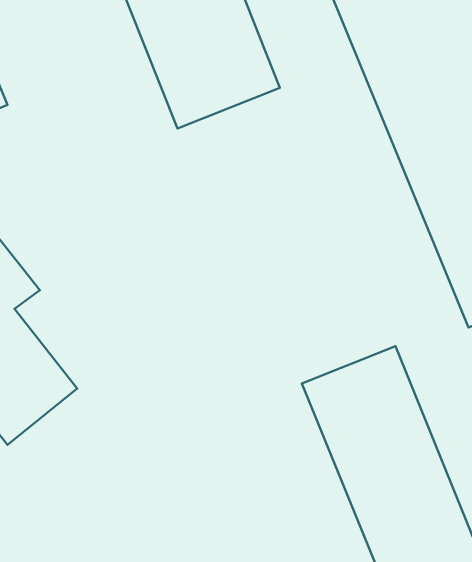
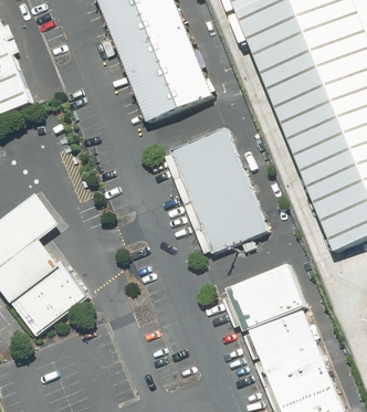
building: none -> [167,126,272,261]

